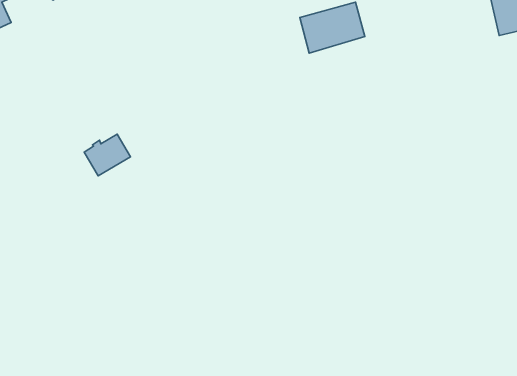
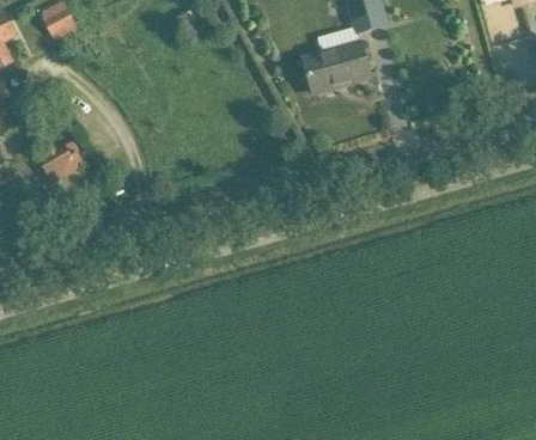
building: [84,134,130,176] -> [38,140,85,182]

